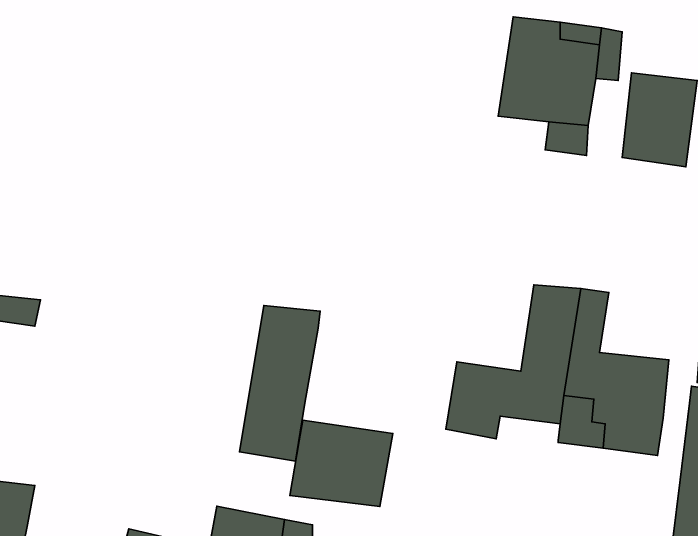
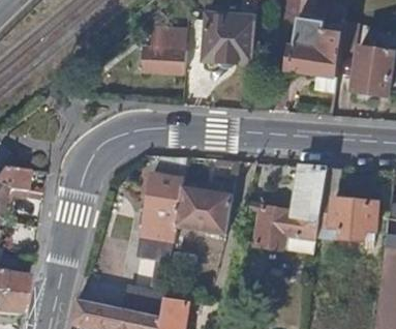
building: none -> [199,12,255,64]
building: none -> [140,28,187,74]
building: [290,420,393,507] -> [176,186,233,234]

